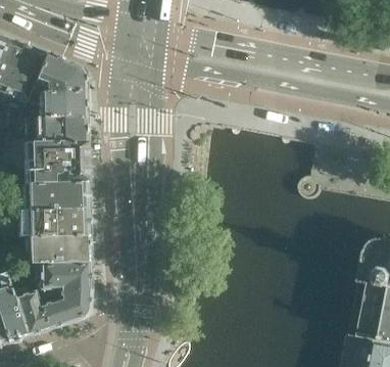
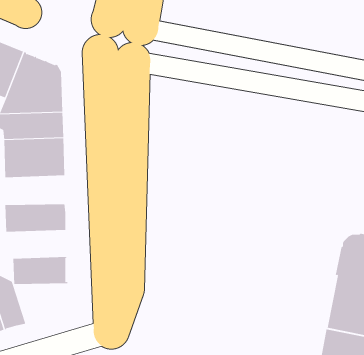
building: [23,179,85,209] -> none
building: [25,234,87,263] -> none
building: [33,288,88,328] -> none

